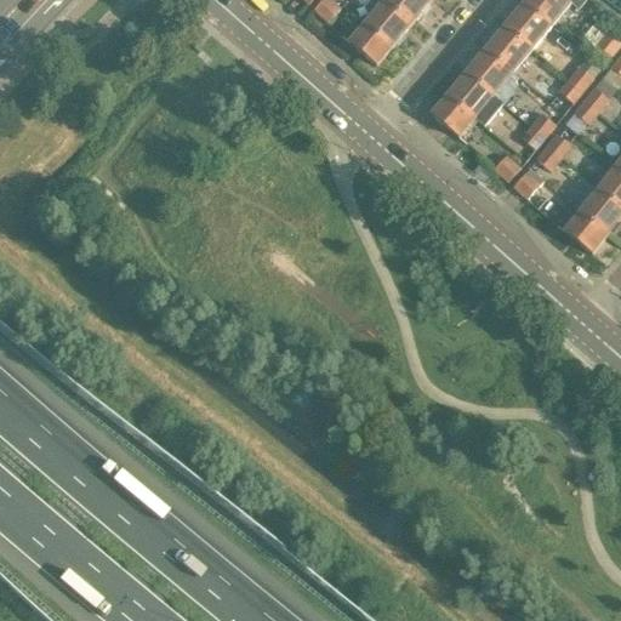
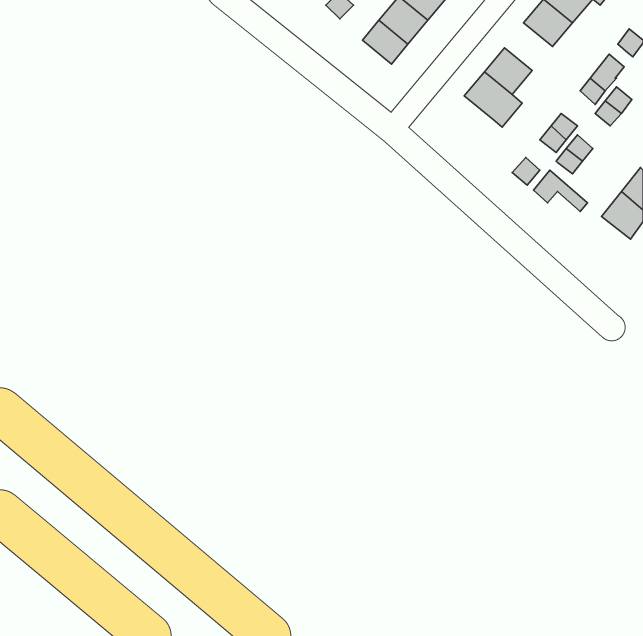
building: [486,22,532,68] -> none
building: [432,92,475,133] -> none
building: [564,209,608,250] -> none

